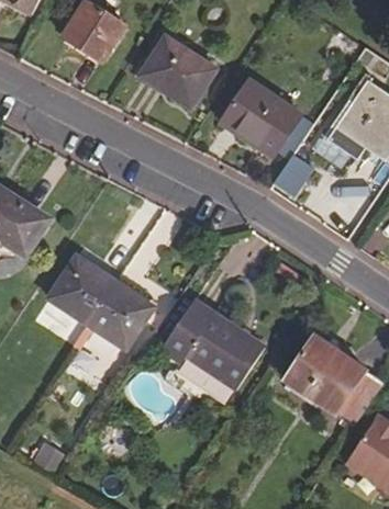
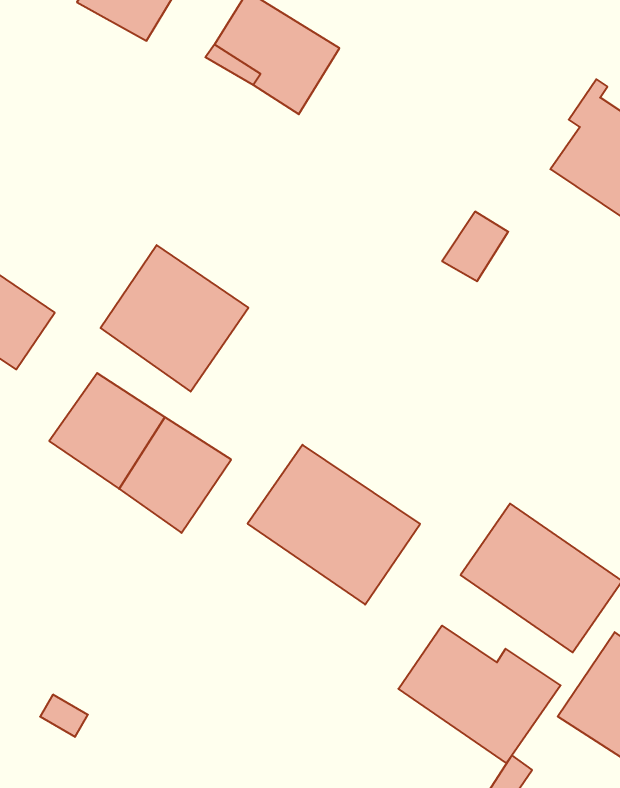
building: [220,75,303,154] -> none
building: none -> [101,245,248,392]
building: none -> [398,626,561,763]

